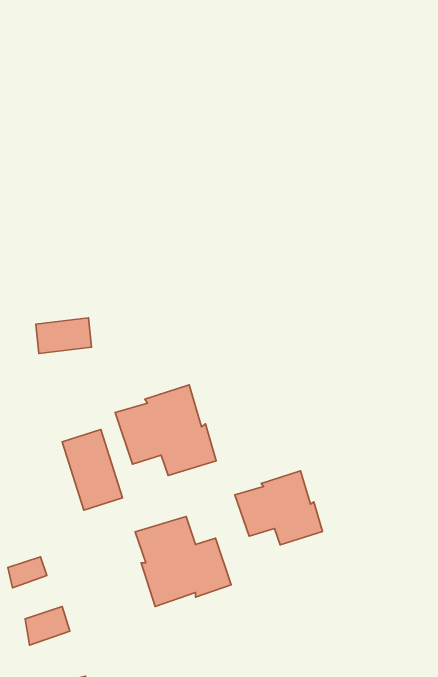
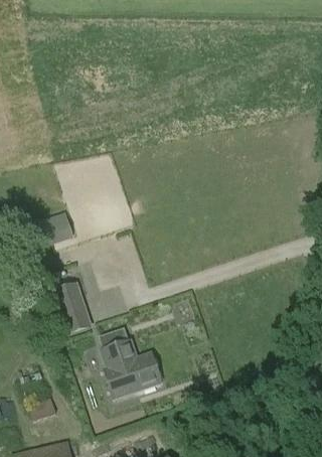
building: [115,385,216,476] -> none
building: [235,471,322,545] -> none

